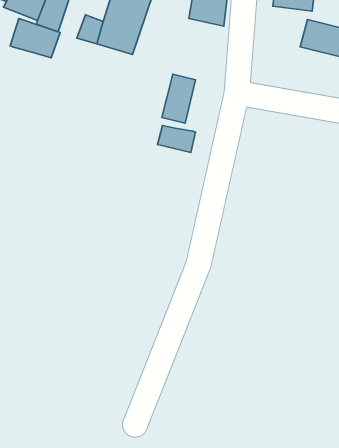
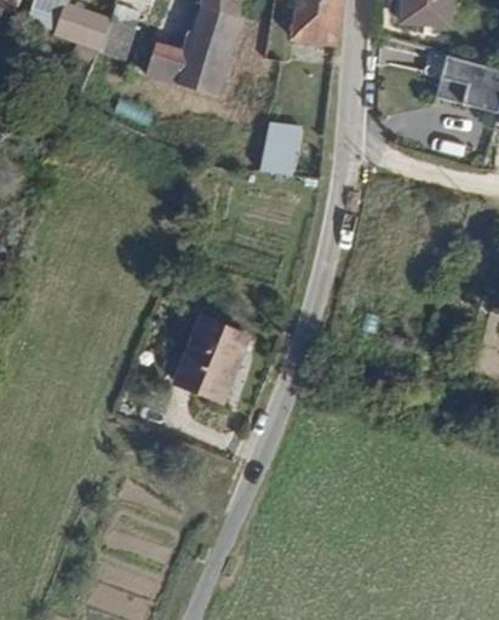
building: [10,19,60,58] -> none
building: [158,125,196,153] -> none
building: none -> [184,316,254,400]

